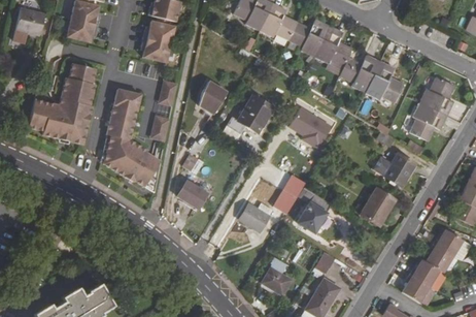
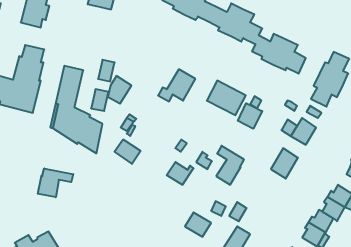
building: [139,23,172,64] -> none
building: [199,78,227,112] -> [108,76,131,104]
building: none -> [238,103,262,129]
building: none -> [38,168,73,197]

